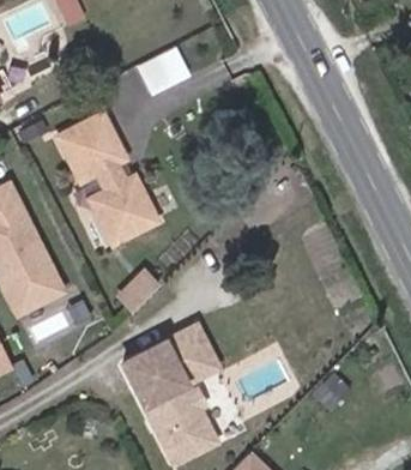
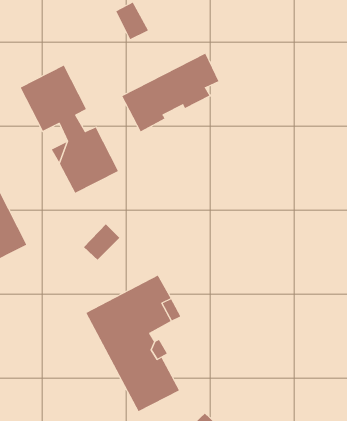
building: none -> [121,53,219,132]

